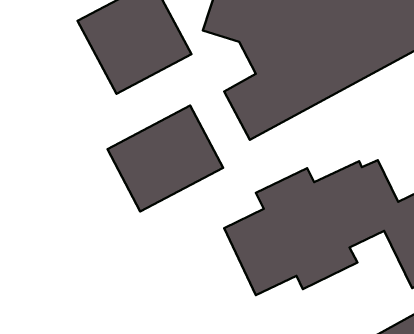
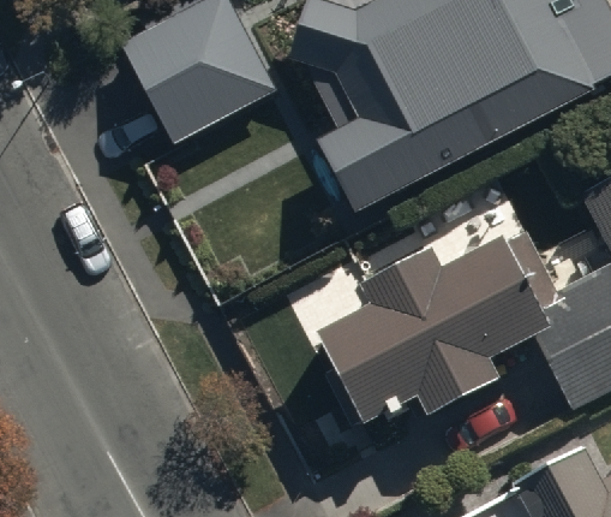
building: [107,105,223,212] -> none

